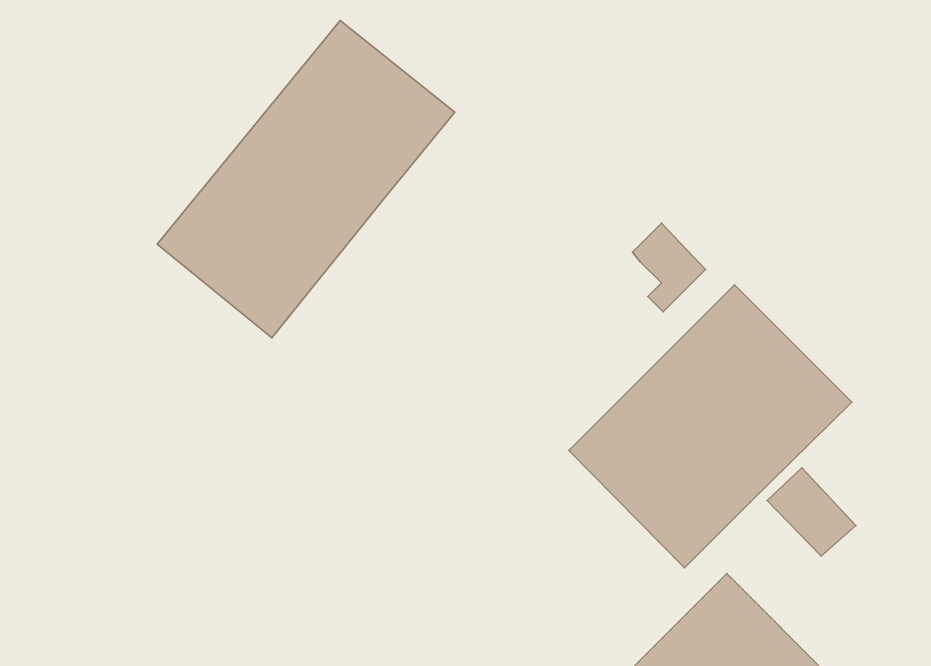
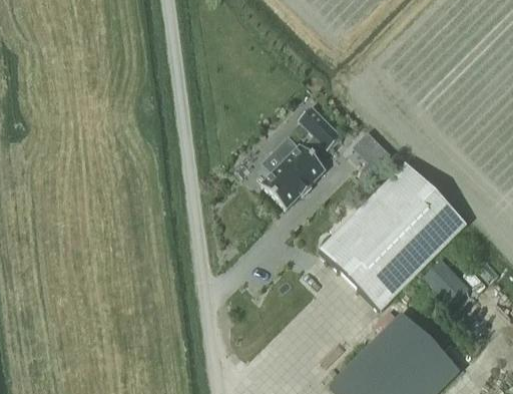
building: [157,20,455,338] -> none
building: none -> [261,105,341,208]

